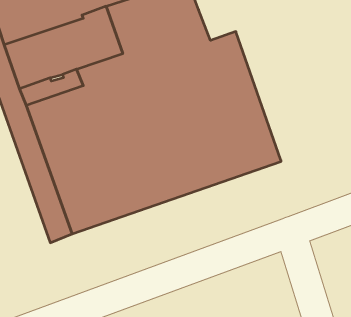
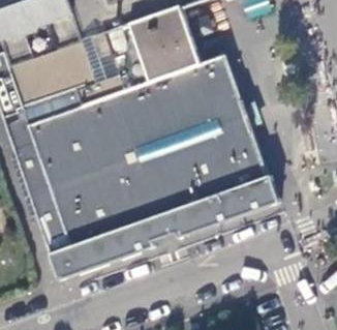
building: none -> [51,175,280,281]

